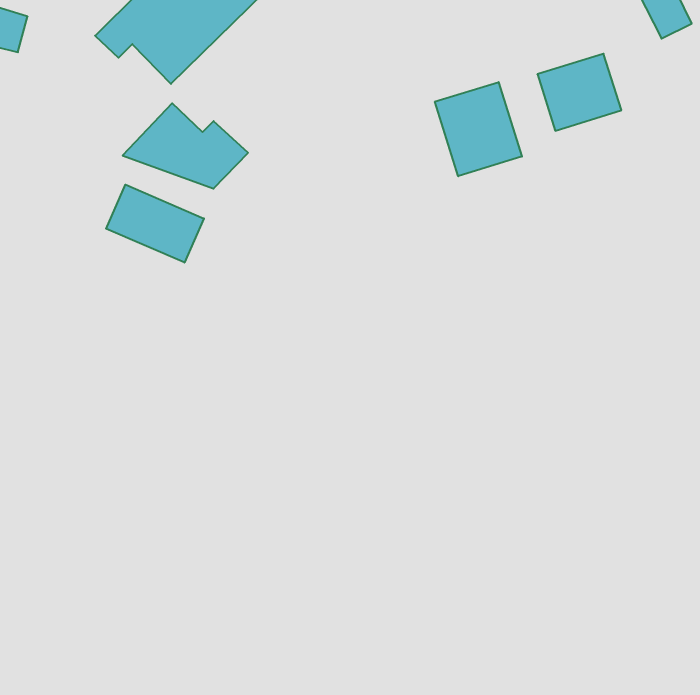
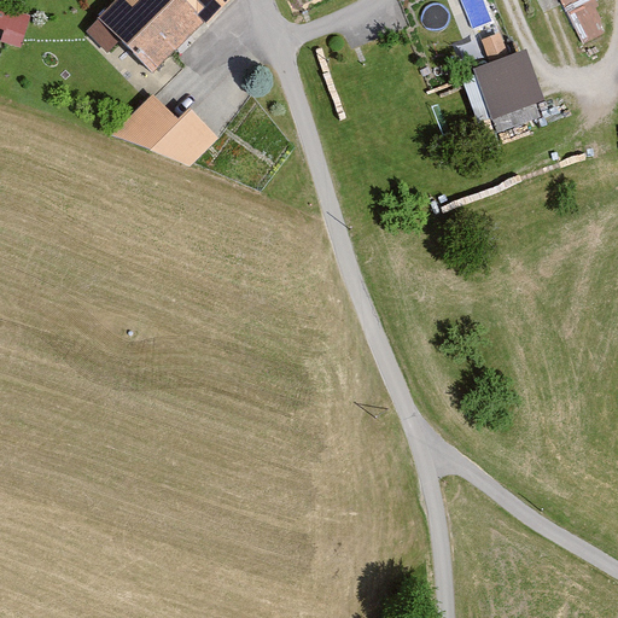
building: [435,82,522,176] -> none
building: [106,185,204,263] -> none

